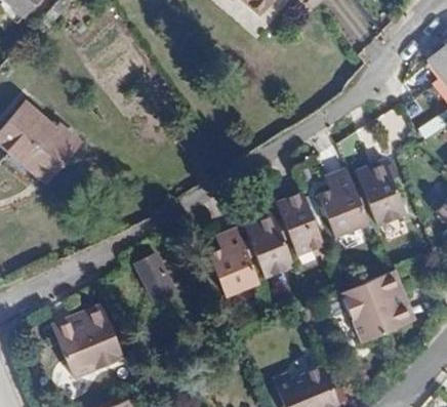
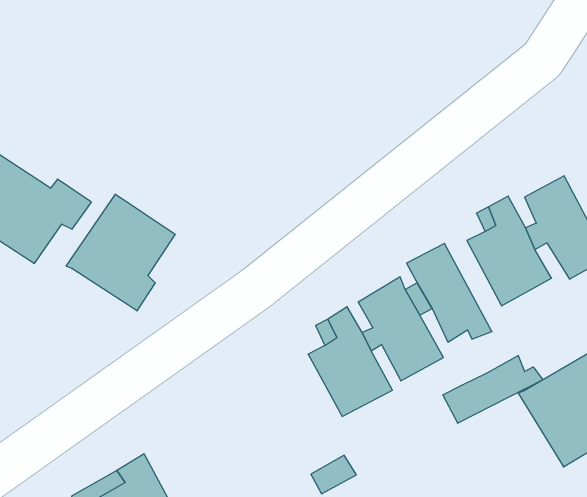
building: none -> [66,194,175,311]
building: [139,259,180,308] -> none
building: none -> [443,355,543,423]

